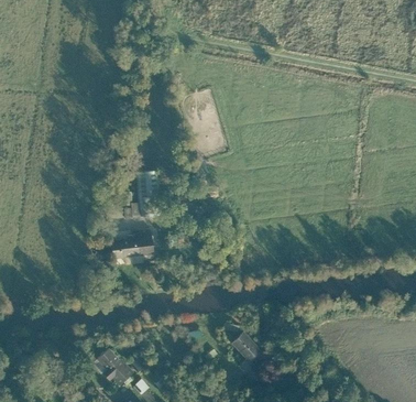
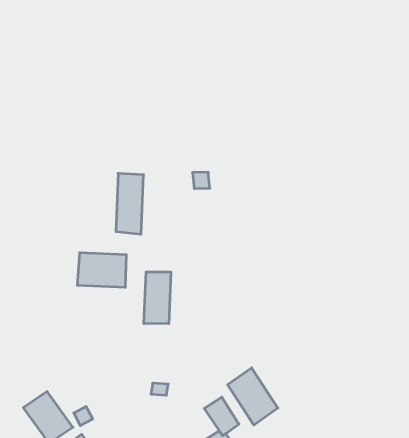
building: none -> [144,272,171,324]
building: none -> [228,368,278,425]

